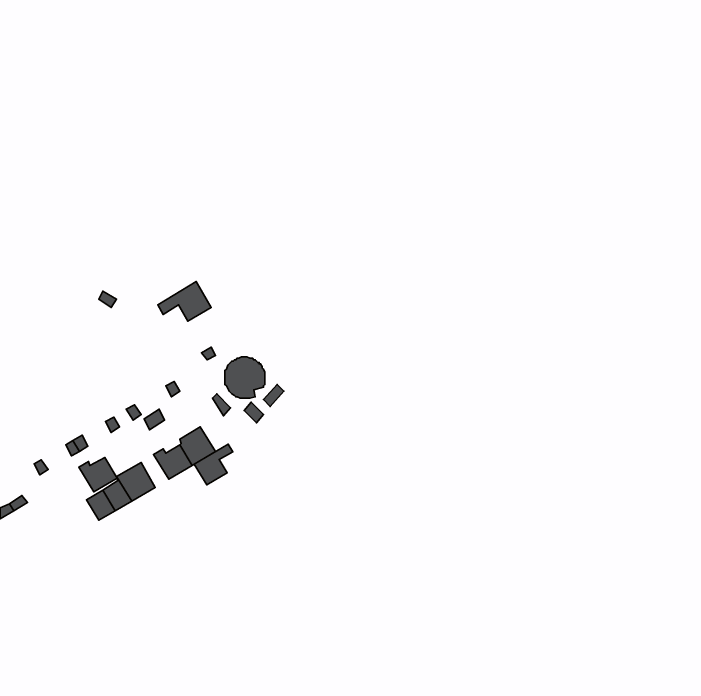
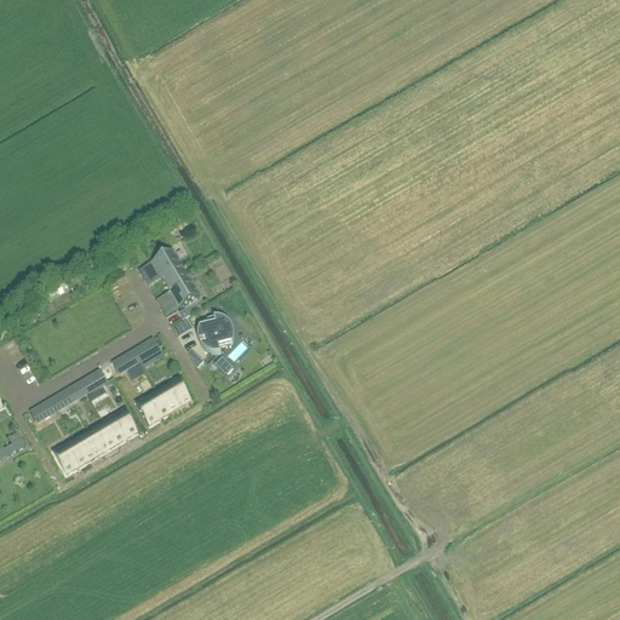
building: none -> [161,271,201,315]
building: [194,444,233,485] -> none
building: [79,457,117,492] -> [53,441,87,471]

